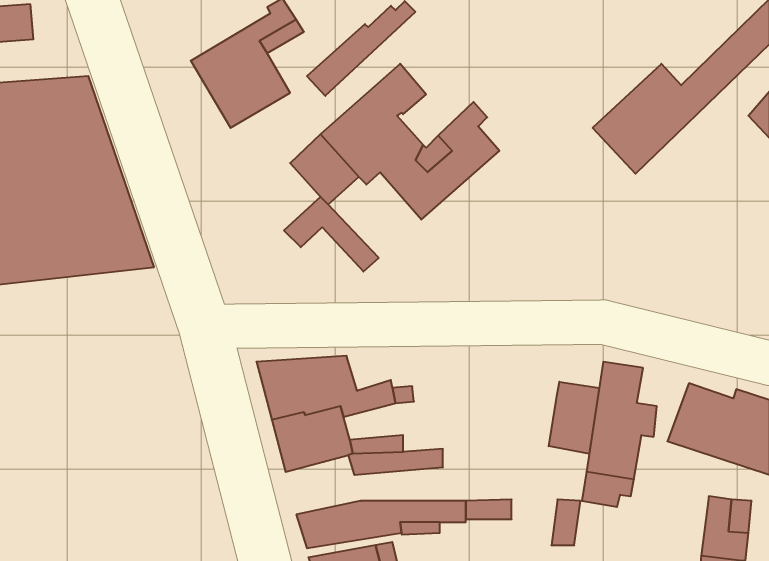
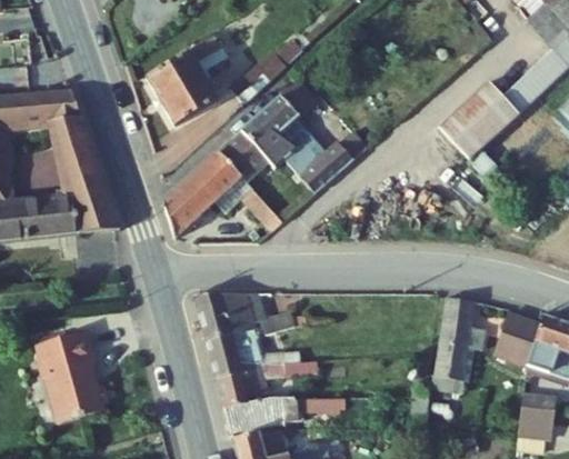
building: none -> [163,151,241,237]
building: [549,382,599,454] -> none
building: none -> [38,329,108,421]
building: none -> [216,363,270,407]

